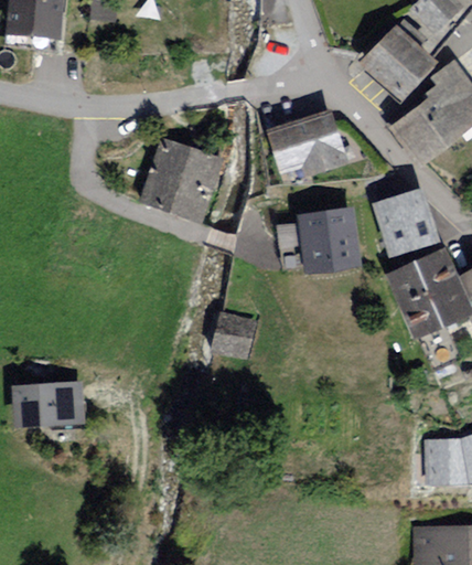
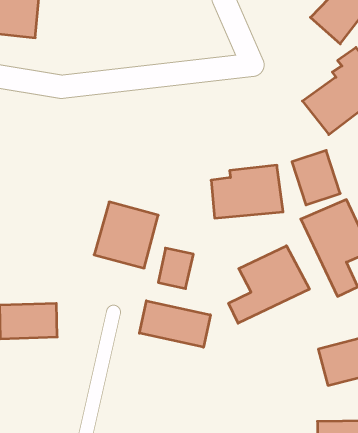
building: [348,25,442,114] -> none
building: [266,108,351,183] -> none
building: [141,138,222,221] -> [94,202,158,268]
building: none -> [229,246,309,323]
building: none -> [139,301,210,347]

